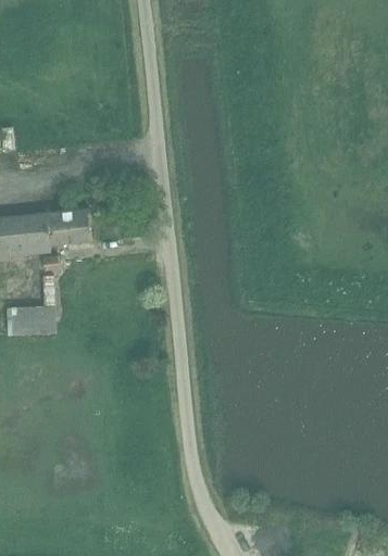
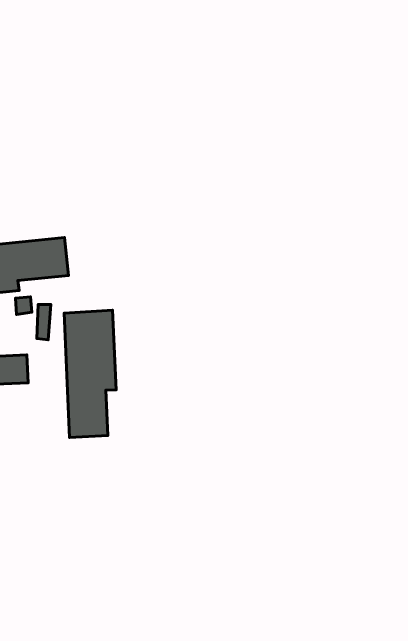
building: none -> [64,310,116,437]

